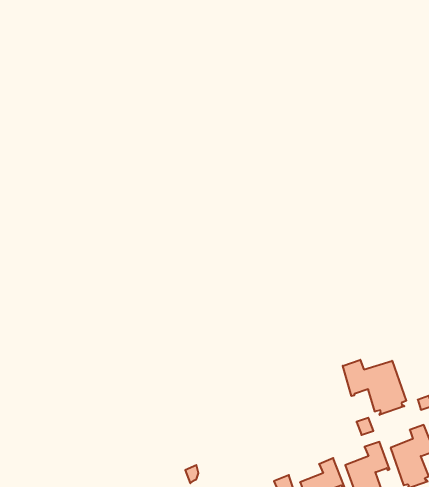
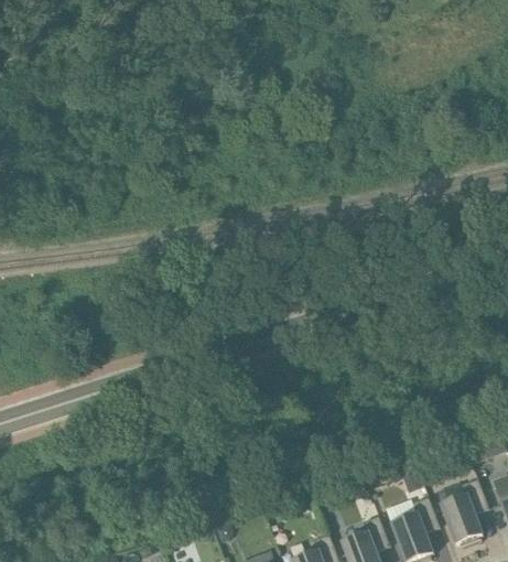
building: [343,360,406,415] -> none

